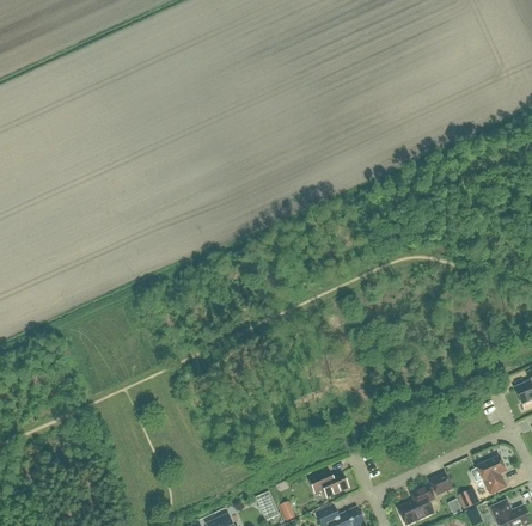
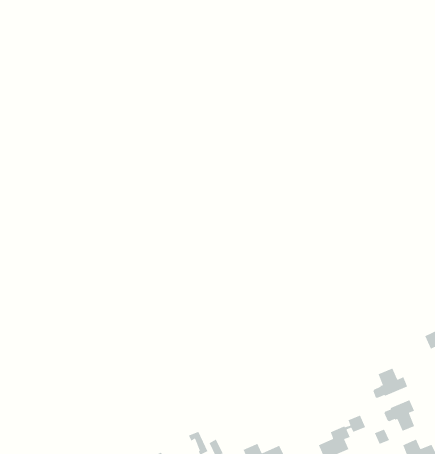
building: none -> [372,367,408,398]
building: [310,470,349,497] -> none

